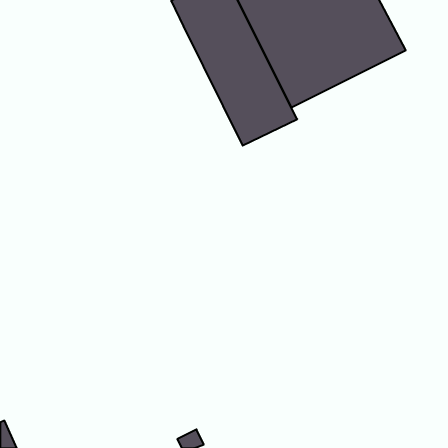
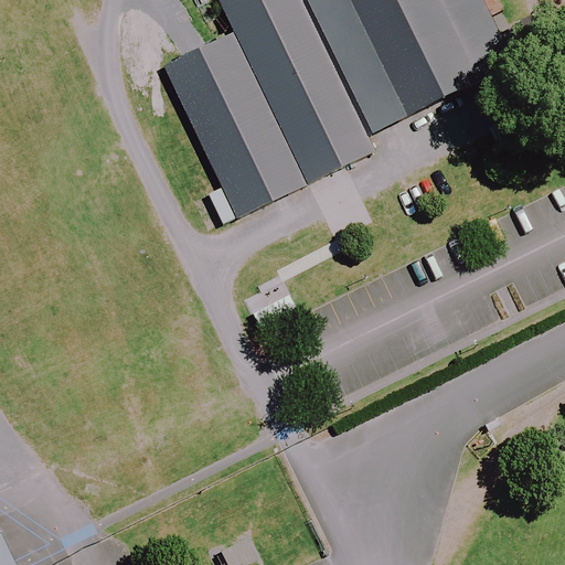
building: none -> [163,33,307,216]

